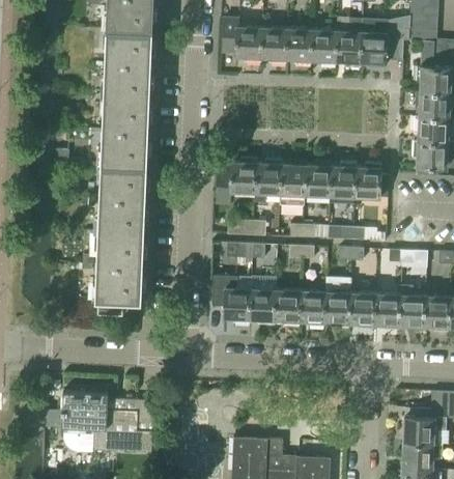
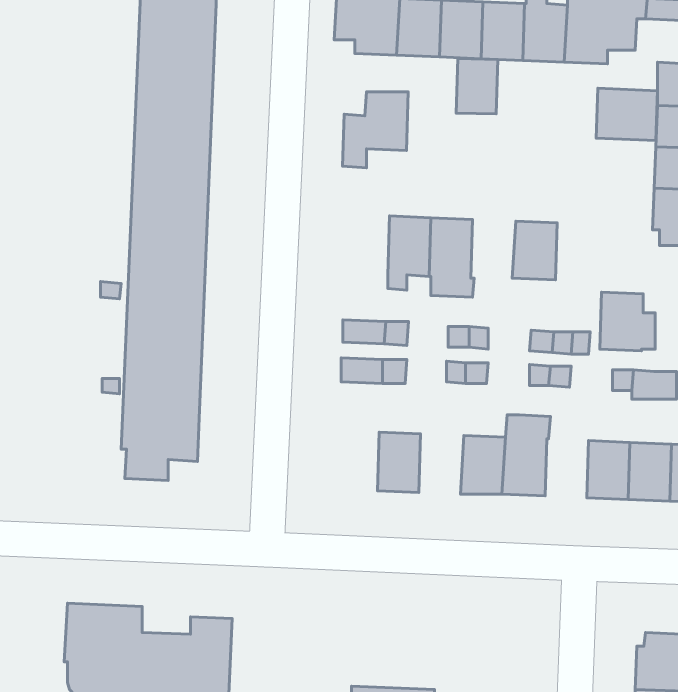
building: none -> [456,59,498,114]
building: none -> [596,88,658,141]
building: [217,158,256,203] -> [342,92,408,168]
building: [305,160,332,195] -> none
building: [356,162,389,197] -> [600,292,655,351]
building: [212,275,250,322] -> none
building: [274,288,301,325] -> none
building: [349,291,375,327] -> none

